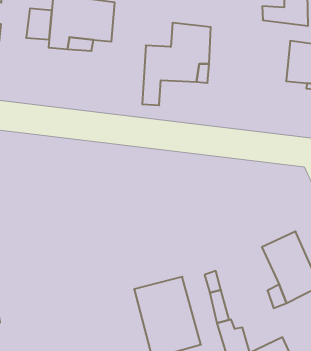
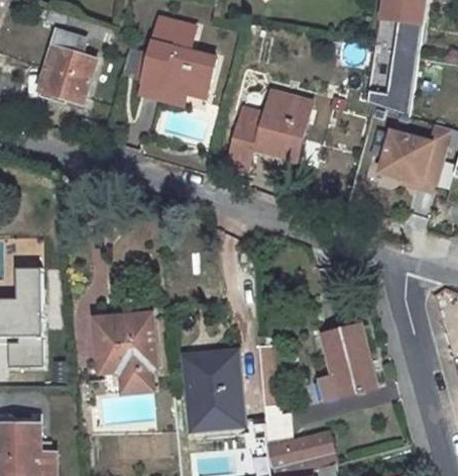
building: none -> [95,314,156,392]

